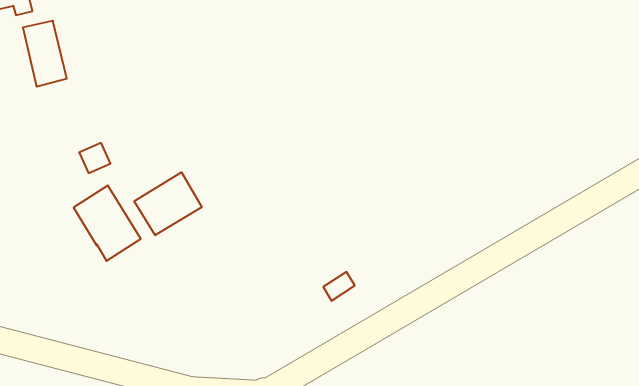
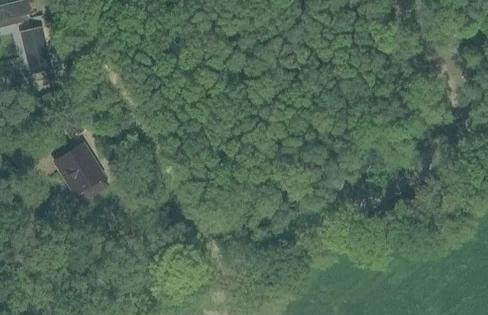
building: [134,172,202,235] -> none

